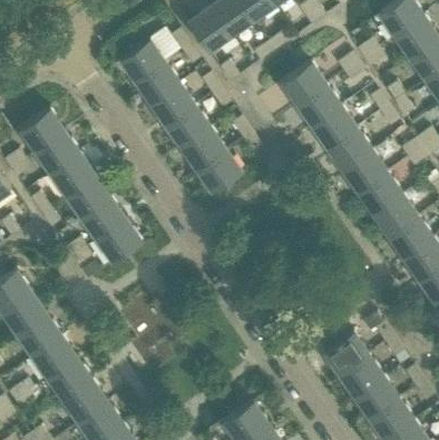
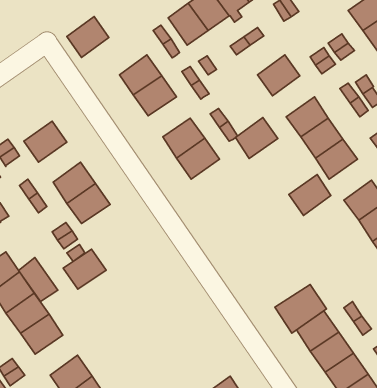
building: [121,40,166,84] -> [67,16,109,58]
building: [299,85,343,128] -> [236,117,278,159]
building: [167,107,212,149] -> none
building: [20,110,66,154] -> none
building: [51,155,96,197] -> none
building: [359,173,403,216] -> [289,175,331,216]
building: [97,221,143,263] -> [63,249,106,289]
building: none -> [18,258,58,301]
building: none -> [275,285,327,333]
building: [48,359,92,401] -> none

